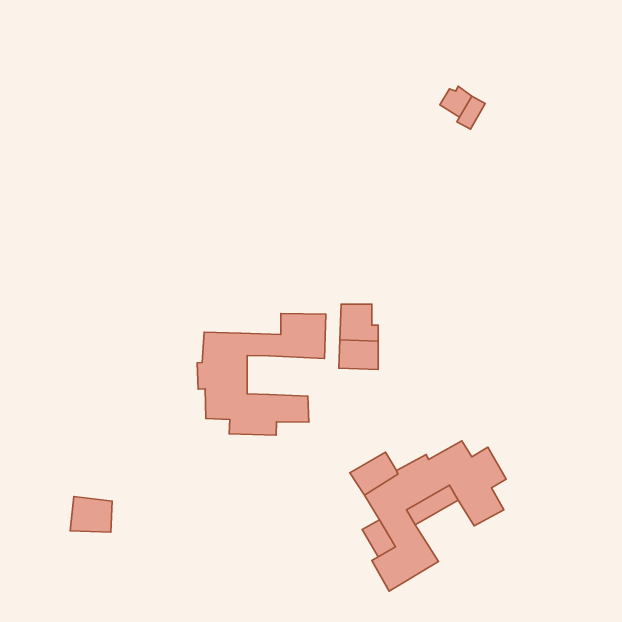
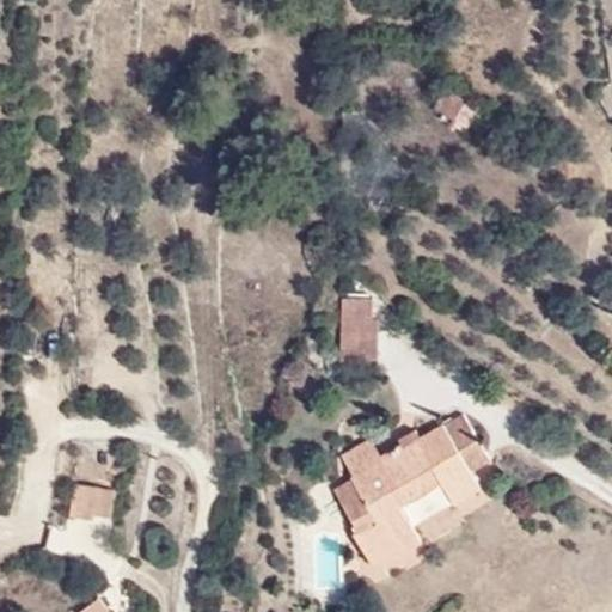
building: [197,313,326,435] -> none

